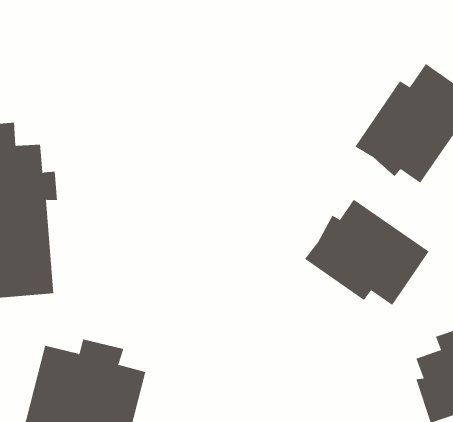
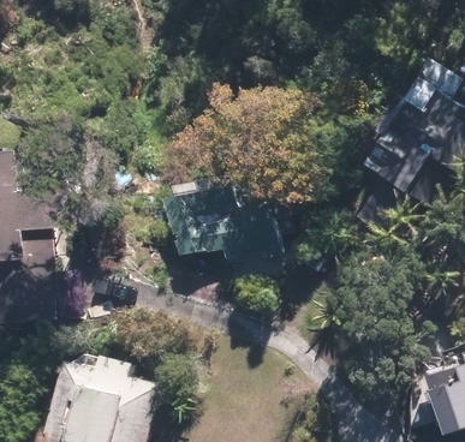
building: none -> [163,196,281,264]
building: [304,199,430,306] -> none

